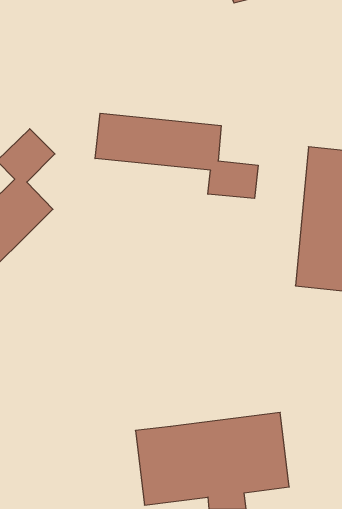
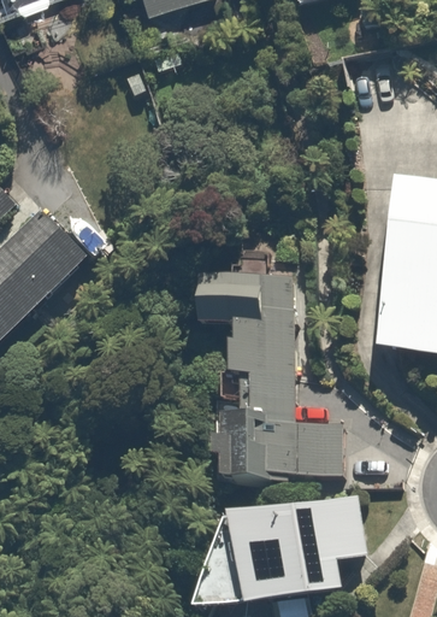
building: [95,113,258,198] -> none
building: none -> [197,278,342,480]

